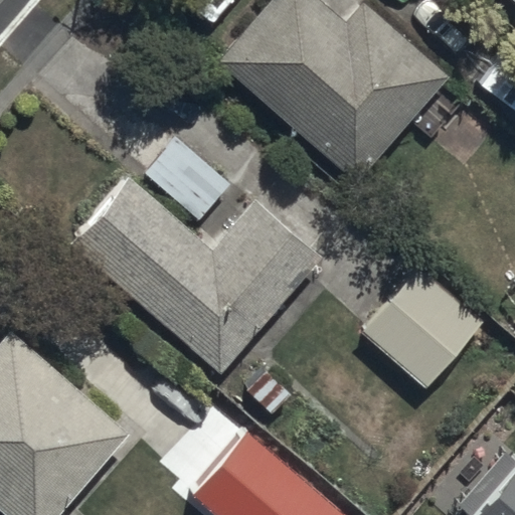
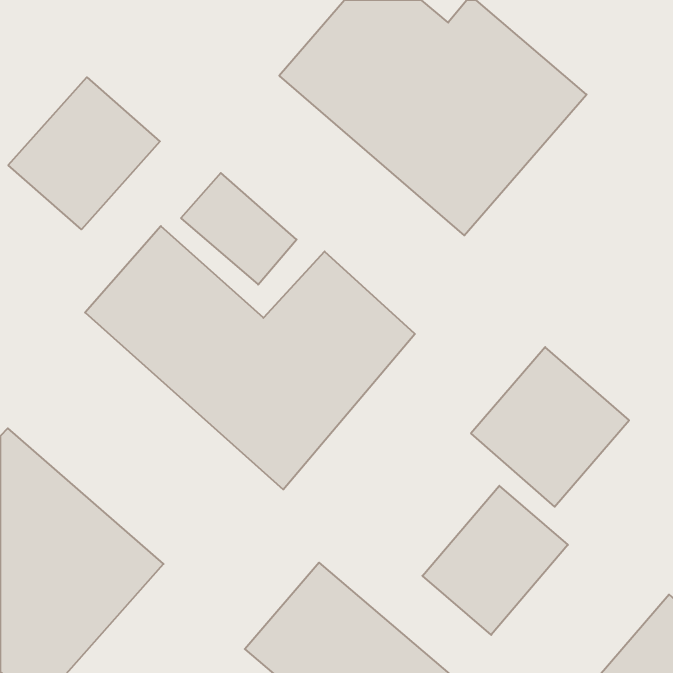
building: none -> [8,77,160,229]
building: none -> [422,486,568,635]

